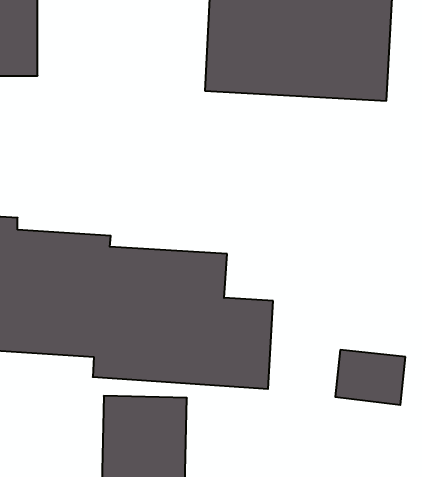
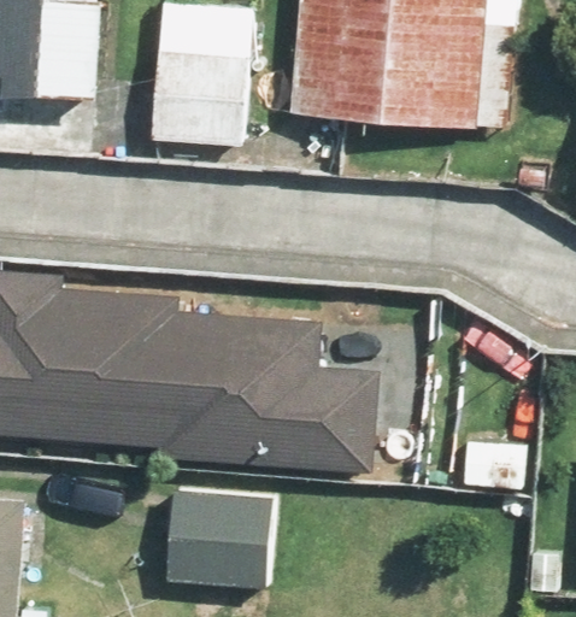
building: none -> [148,35,248,152]

